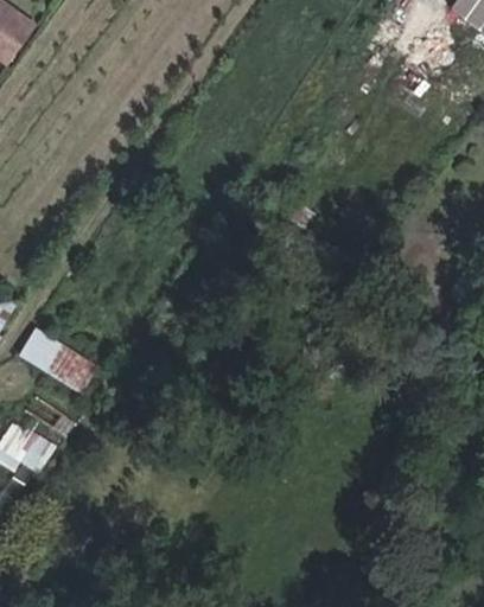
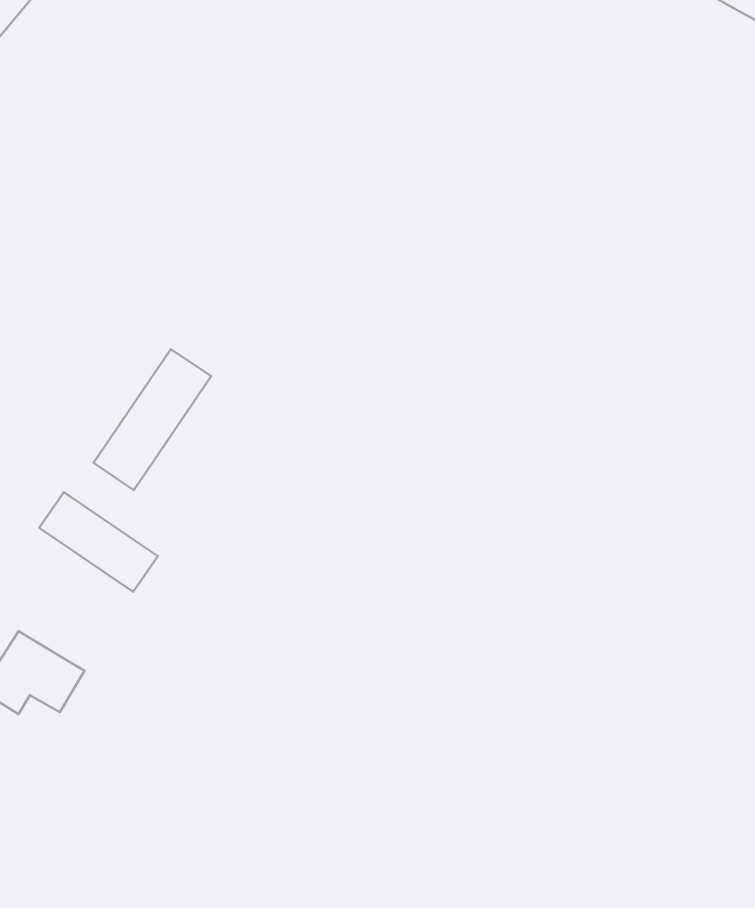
building: none -> [94,349,211,490]

